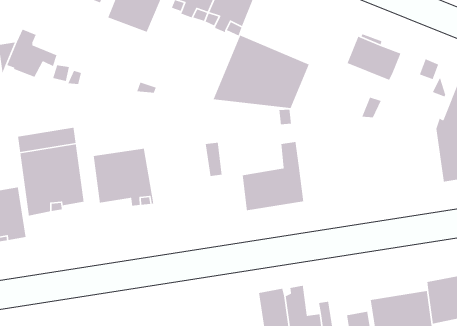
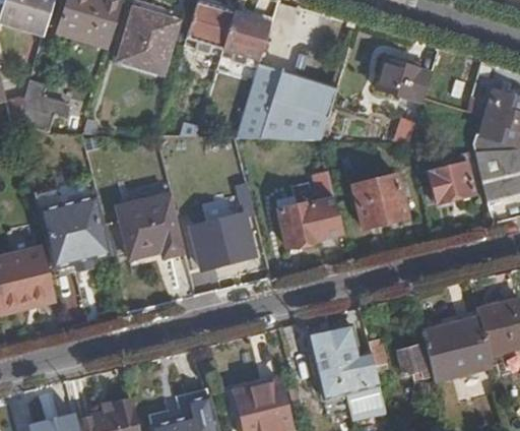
building: none -> [427,160,474,205]
building: none -> [351,173,405,226]
building: none -> [190,214,248,268]

